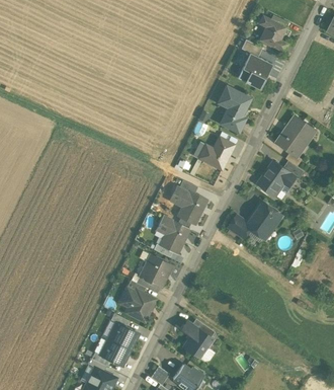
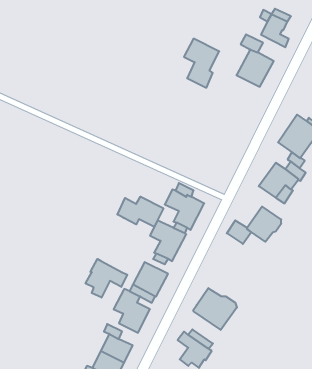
building: [217,86,250,133] -> [184,39,219,88]
building: [197,137,233,170] -> none
building: none -> [117,197,163,227]
building: none -> [86,259,127,298]
building: none -> [193,288,237,330]

